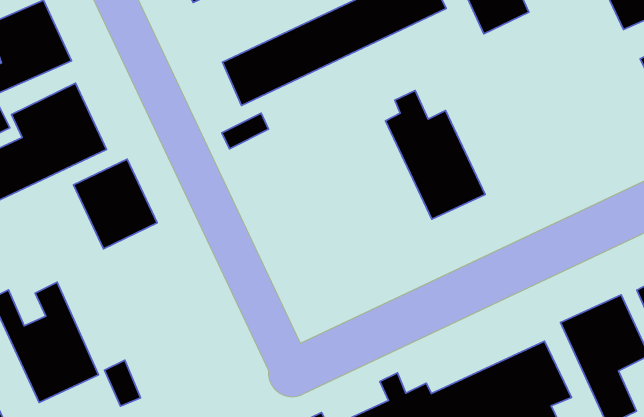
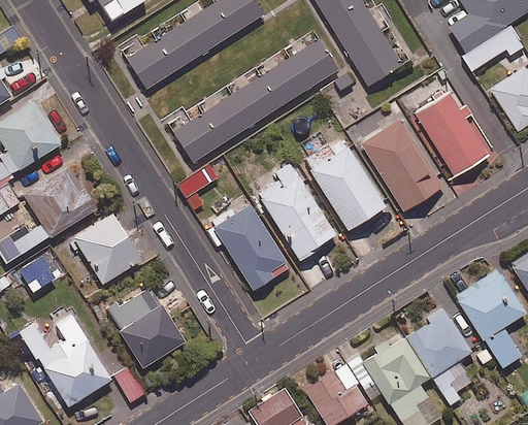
building: none -> [414,89,488,177]
building: none -> [360,120,440,211]
building: none -> [252,162,335,259]
building: none -> [213,203,289,289]
building: none -> [107,286,184,367]

